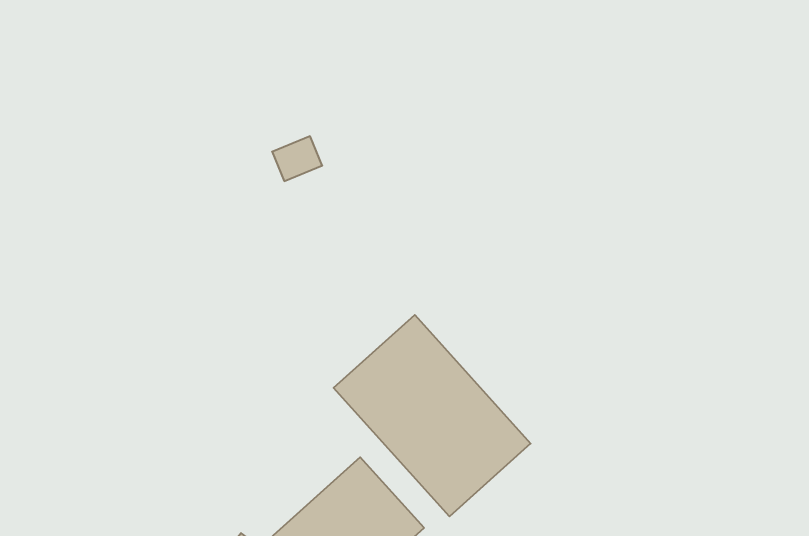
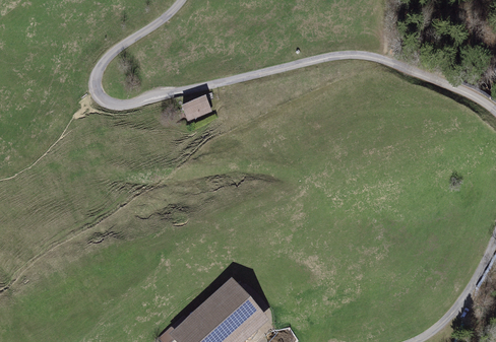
building: [334,315,531,516] -> none

